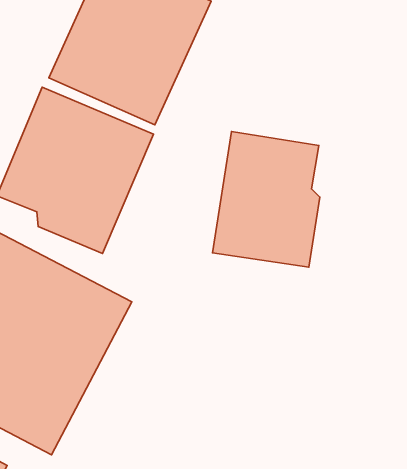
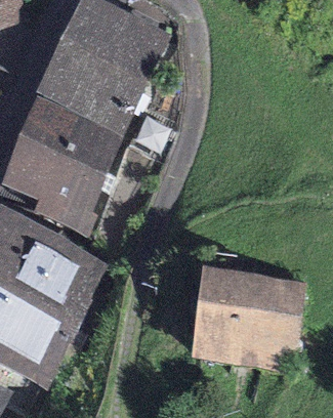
building: [213,132,320,267] -> none
building: none -> [194,267,305,369]

